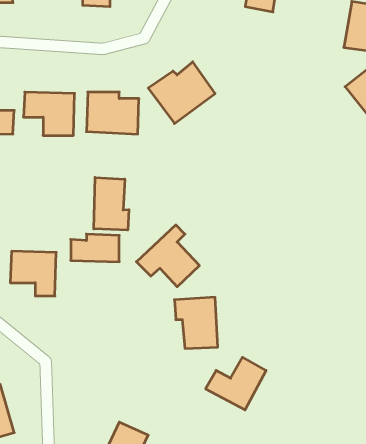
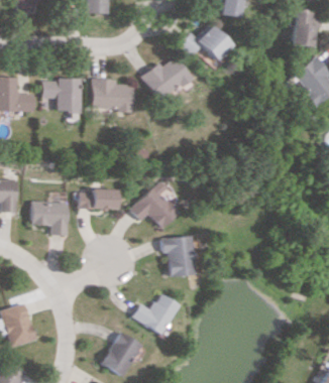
building: none -> [177,23,228,60]
building: [94,177,129,230] -> none
building: [206,357,266,410] -> [130,293,177,334]

